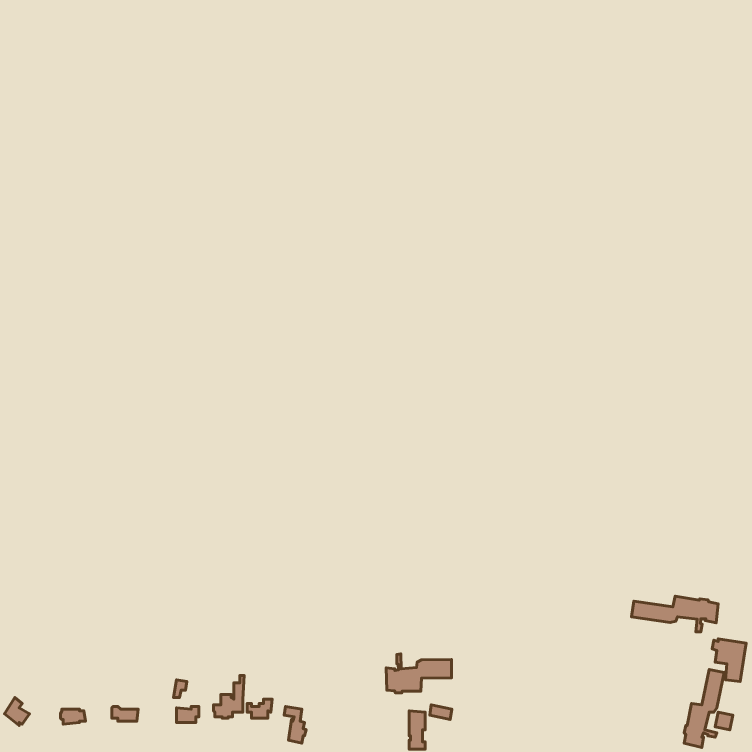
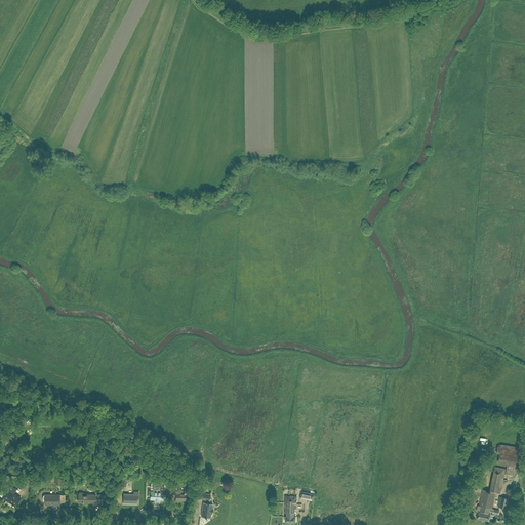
building: [632,596,718,632] -> none
building: [386,654,452,693] -> none

